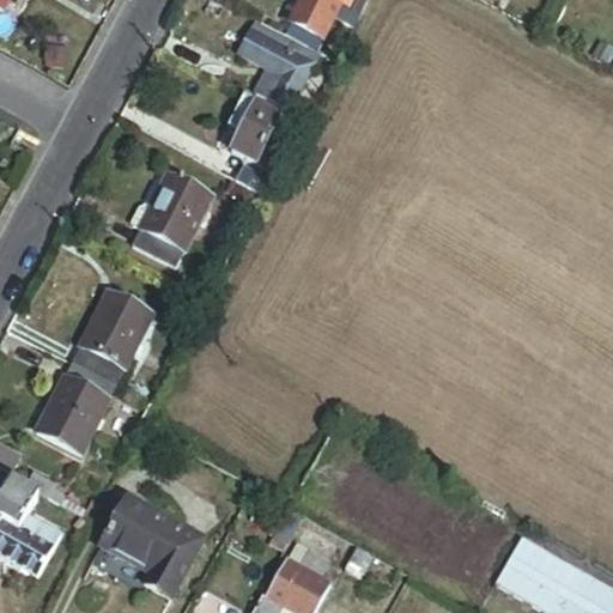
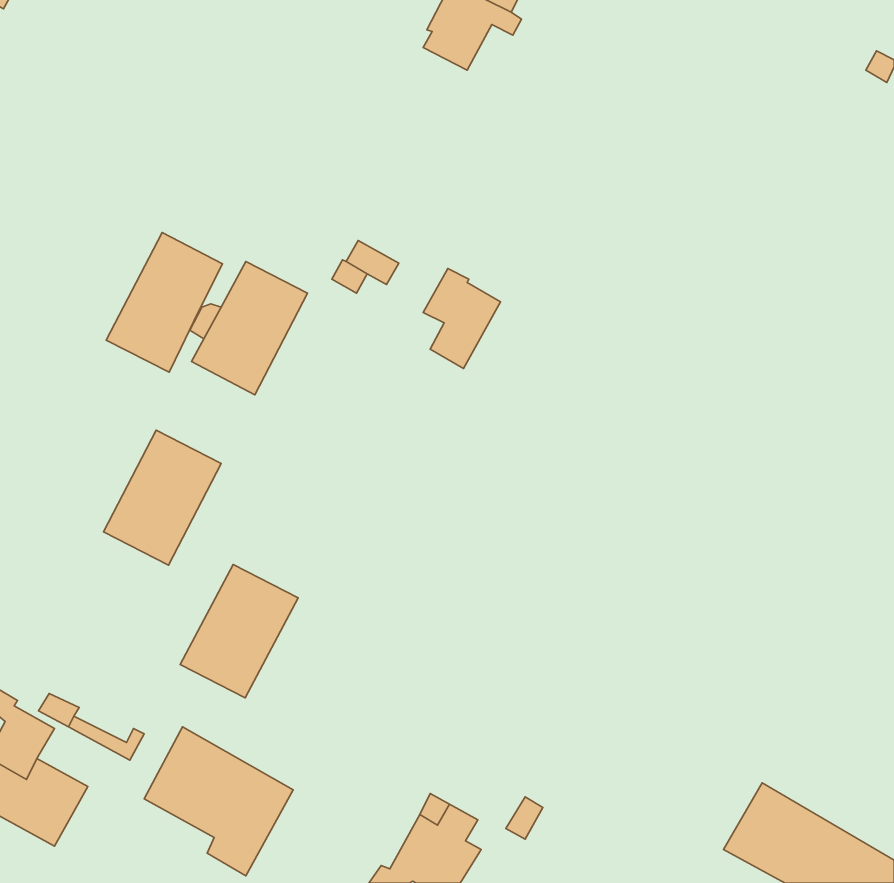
building: [245,17,318,104] -> none
building: [227,95,280,163] -> [423,269,500,369]
building: none -> [106,232,222,372]
building: [35,363,115,454] -> [180,564,298,698]

